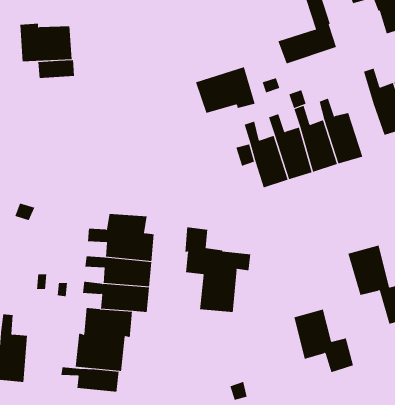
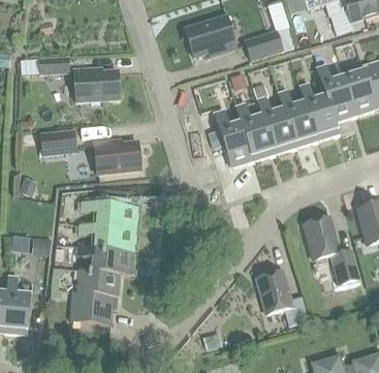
building: [19,23,73,62] -> [73,68,119,101]
building: [195,66,255,113] -> [184,15,235,56]
building: none -> [298,83,338,141]
building: none -> [40,130,75,154]
building: none -> [93,141,139,175]
building: [185,226,251,313] -> none
building: [61,367,119,393] -> none

